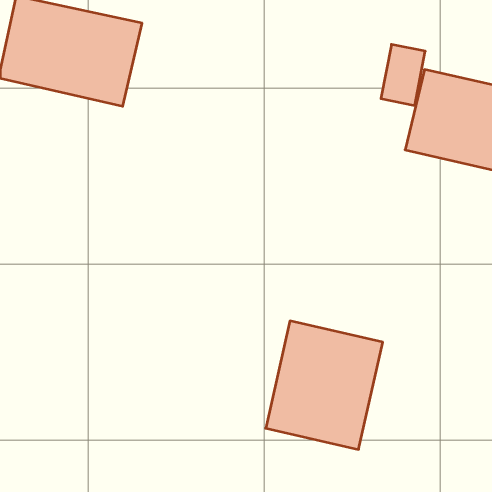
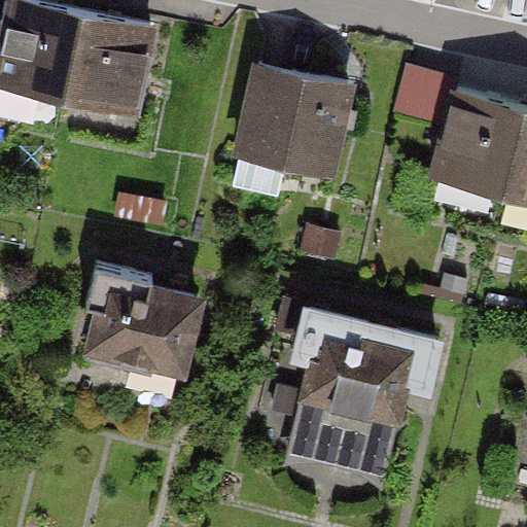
building: none -> [237,61,350,187]
building: none -> [71,287,200,392]

